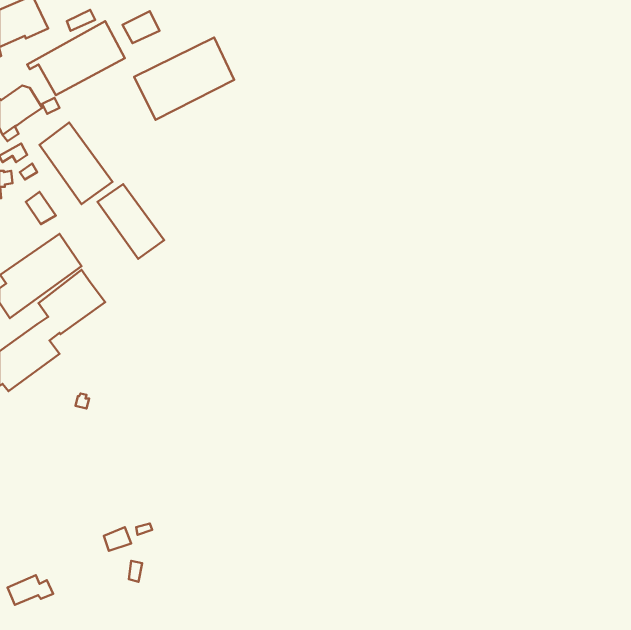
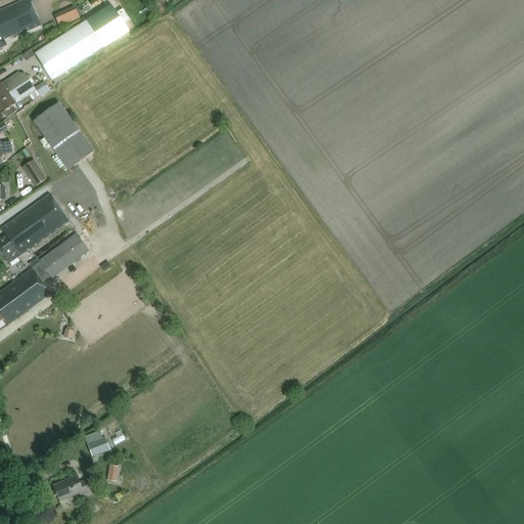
building: [134,38,234,120] -> none
building: [98,184,164,259] -> none
building: [7,575,53,605] -> [52,475,90,499]

